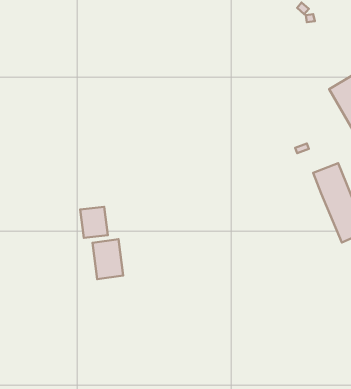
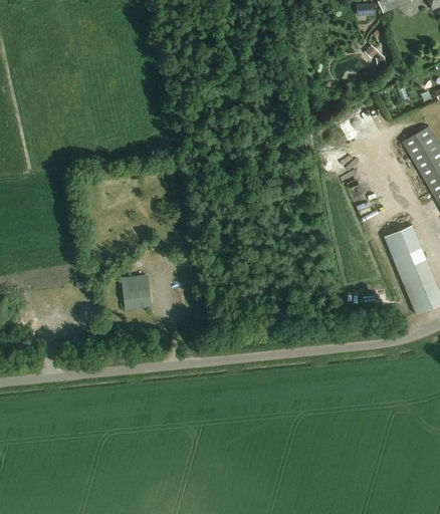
building: [93,239,123,279] -> none

